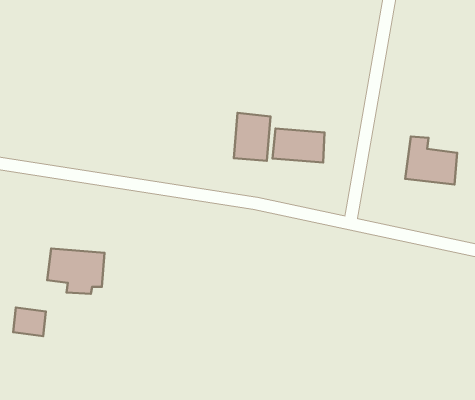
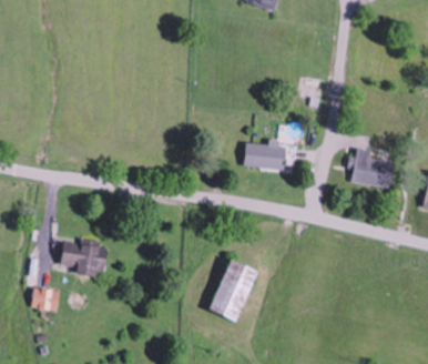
building: [234,113,270,161] -> none
building: none -> [210,262,255,321]

